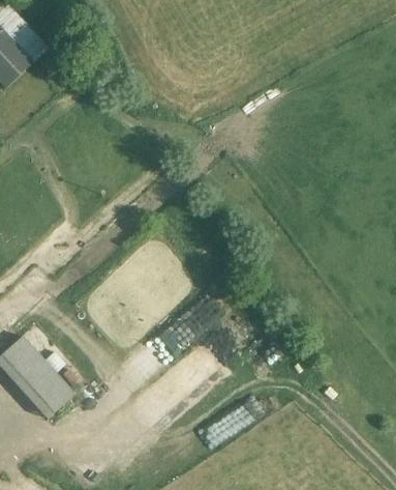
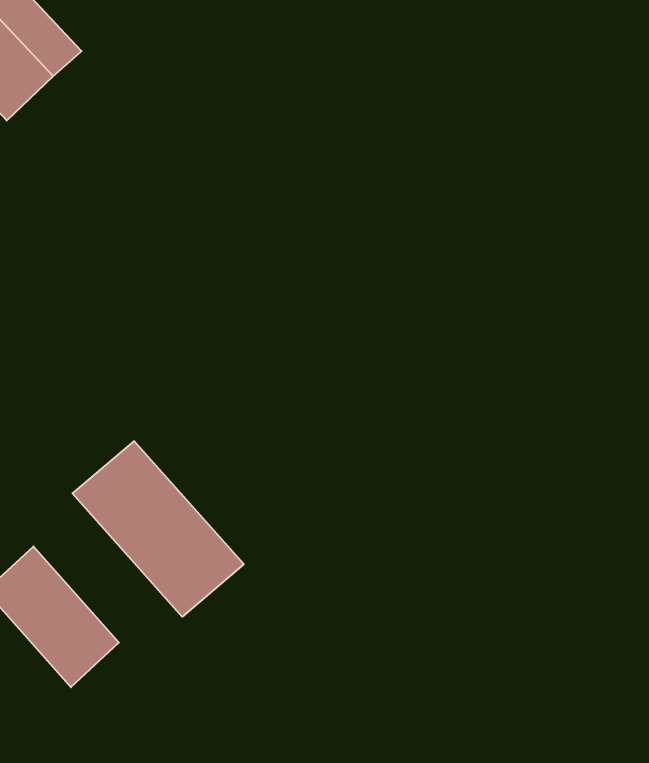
building: none -> [73,441,244,617]

